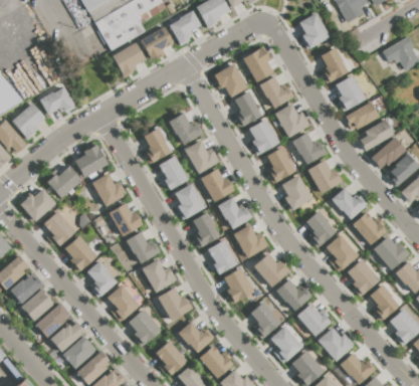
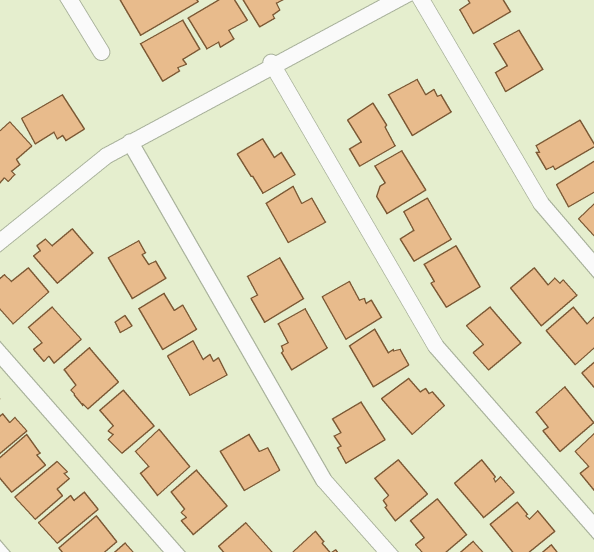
building: [240,45,273,83] -> none
building: [213,62,248,99] -> none
building: [334,74,366,112] -> none
building: [274,103,310,138] -> none
building: [142,125,175,163] -> none
building: [292,132,328,164] -> none
building: [75,143,110,177] -> none
building: [159,155,190,190] -> none
building: [307,160,343,193] -> none
building: [200,169,235,202] -> none
building: [324,234,359,270] -> none
building: [208,239,238,273] -> none
building: [142,258,178,293] -> none
building: [276,279,312,311] -> none
building: [179,322,214,352] -> none

